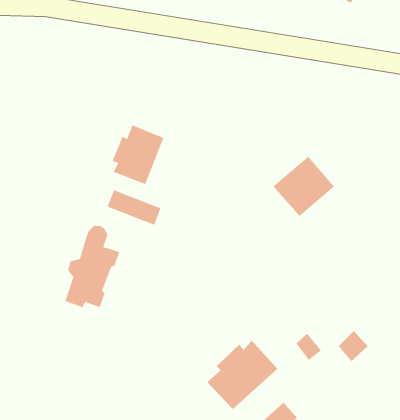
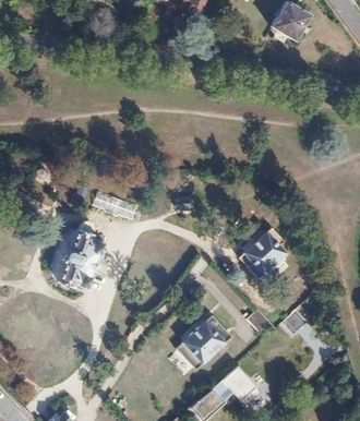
building: [112,124,164,185] -> none
building: [273,156,335,217] -> [237,230,288,280]

